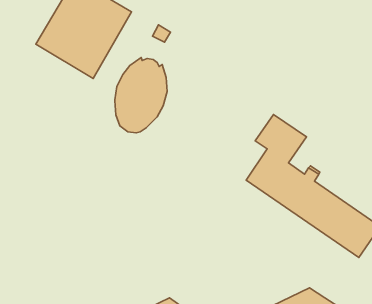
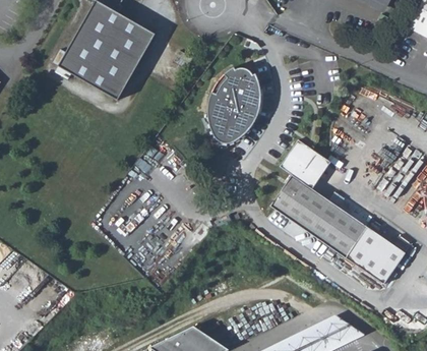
building: [115,57,167,133] -> [208,66,261,142]

